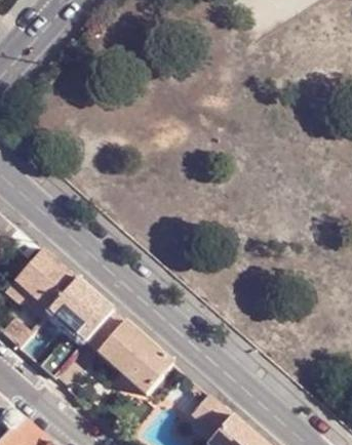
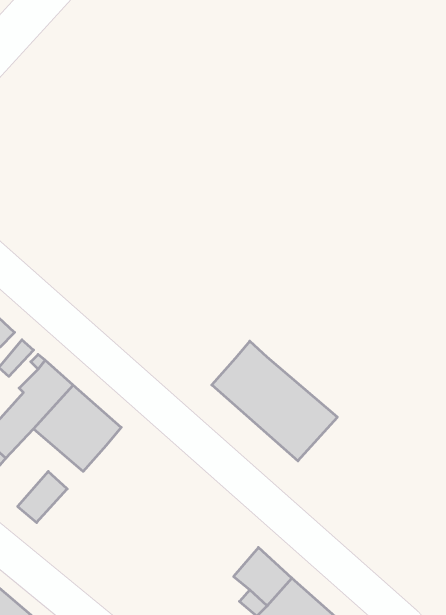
building: [85,310,173,394] -> [212,341,337,461]

